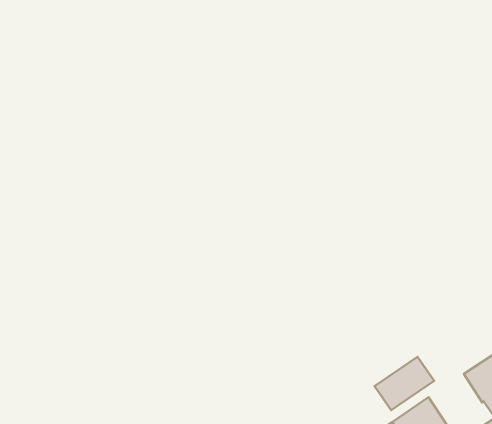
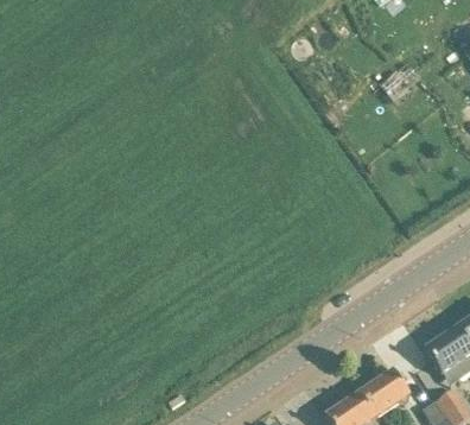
building: [374,357,434,410] -> none

